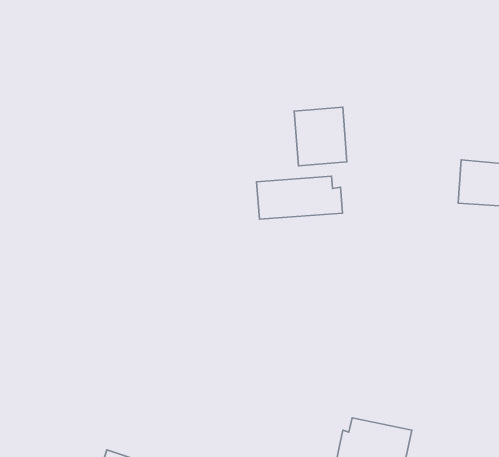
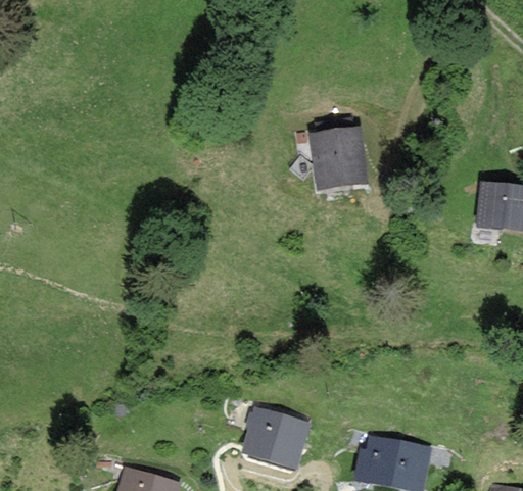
building: [256,176,343,219] -> none
building: none -> [242,406,307,468]

